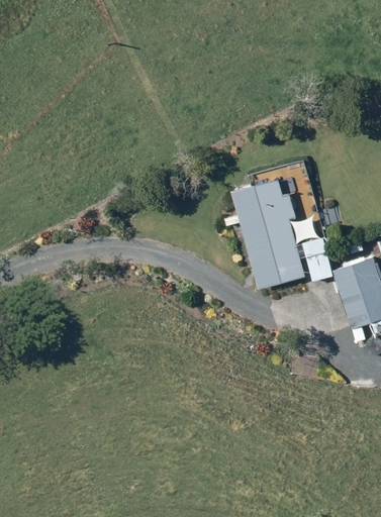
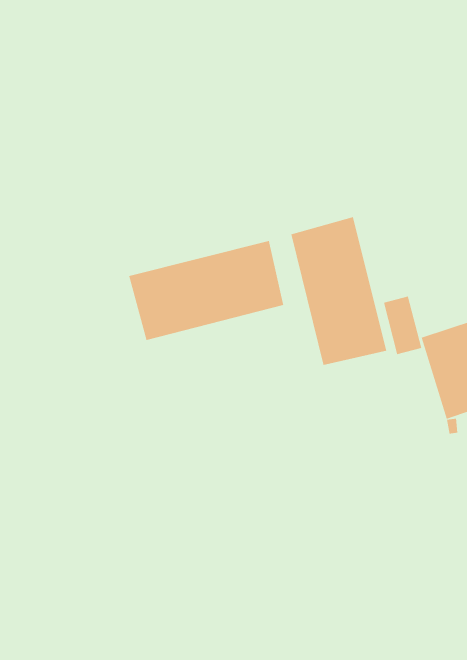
building: none -> [128,240,284,341]

